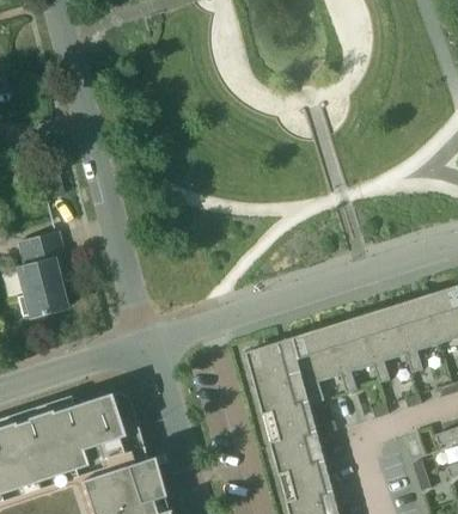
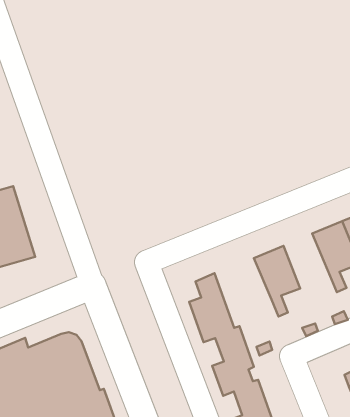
building: [360,307,408,384] -> none
building: [294,329,342,405] -> none

